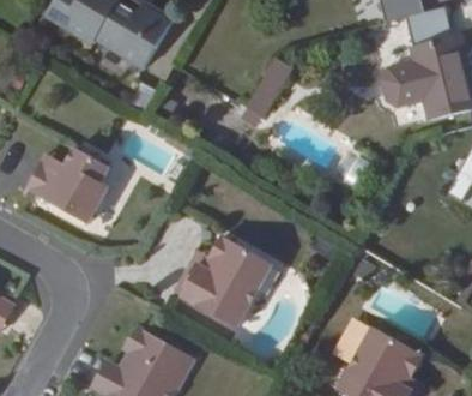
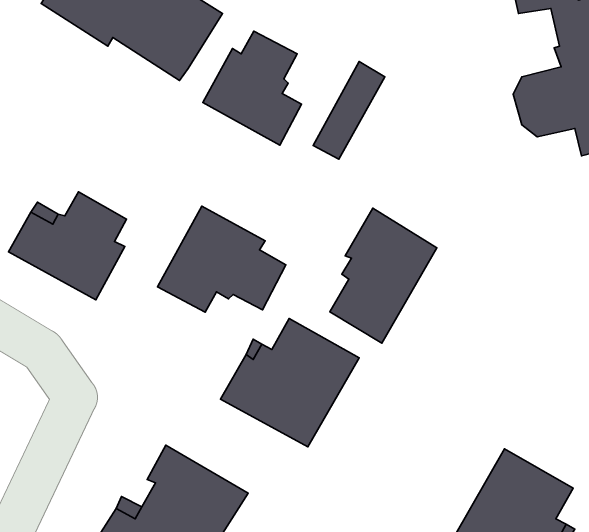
building: none -> [203,31,302,145]
building: none -> [157,206,286,312]
building: none -> [330,208,437,343]

